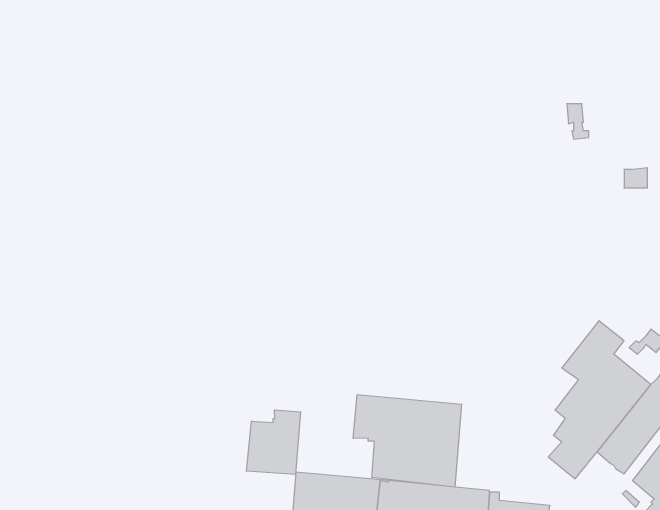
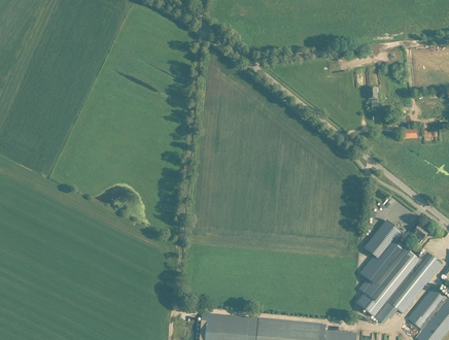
building: [353,395,461,487] -> none
building: [246,410,301,475] -> none

